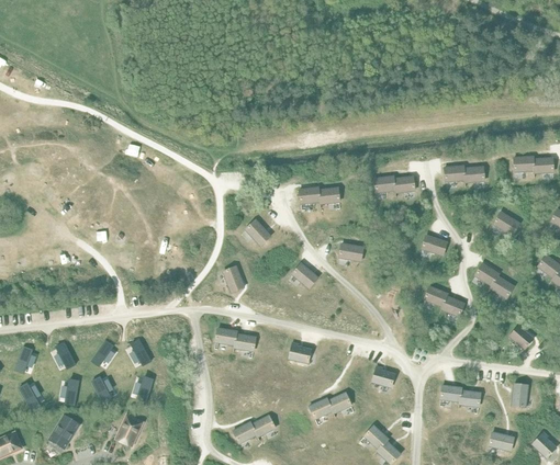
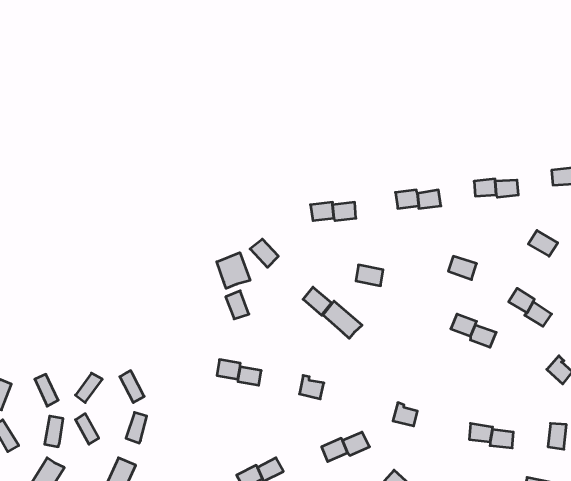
building: none -> [217,253,250,288]
building: none -> [323,301,362,338]

